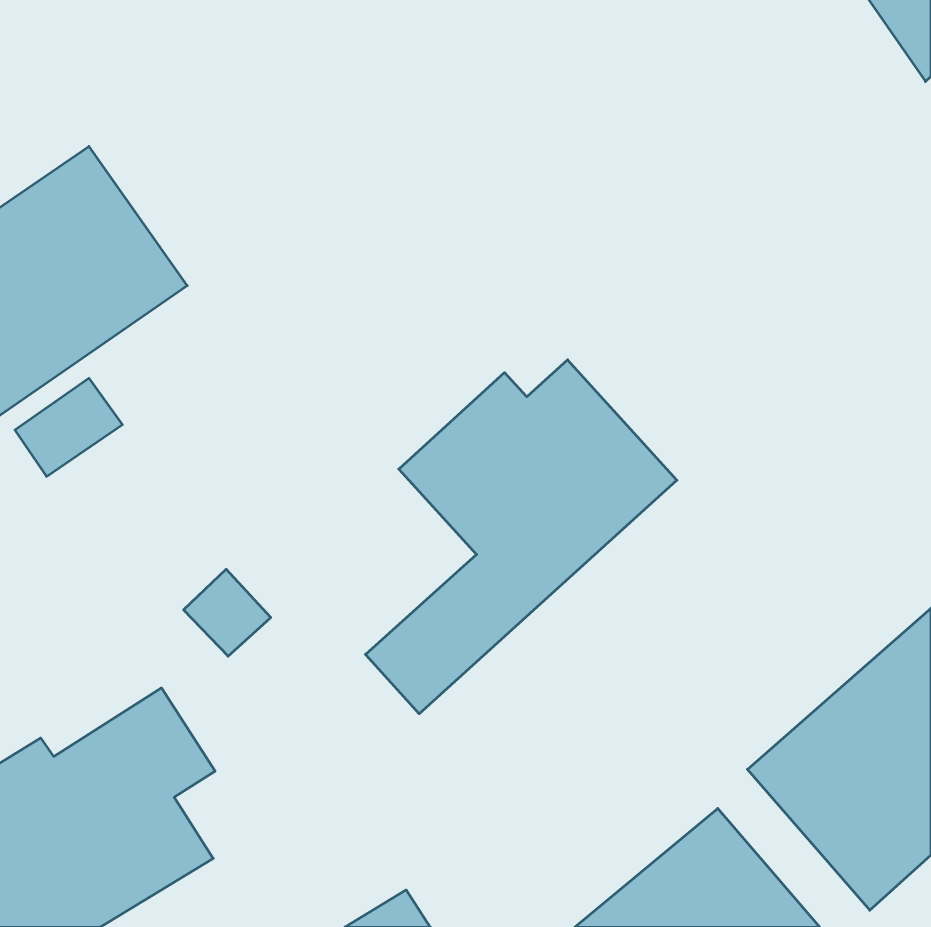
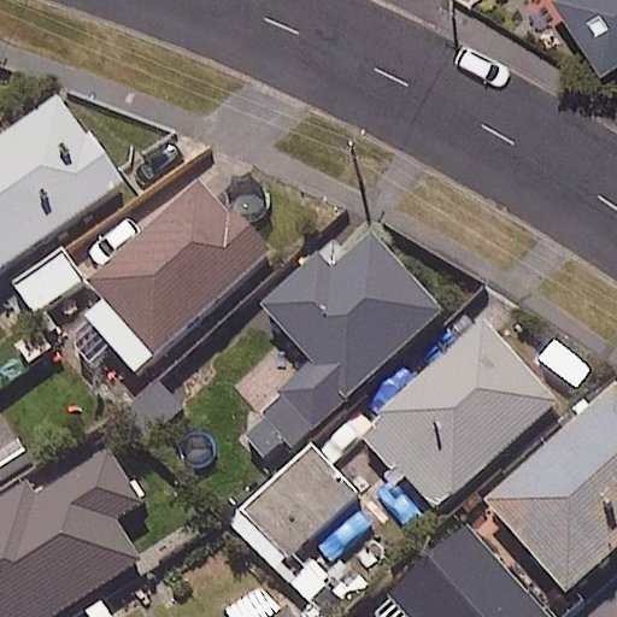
building: none -> [86,181,268,375]
building: none -> [362,321,556,511]
building: none -> [236,442,376,556]

